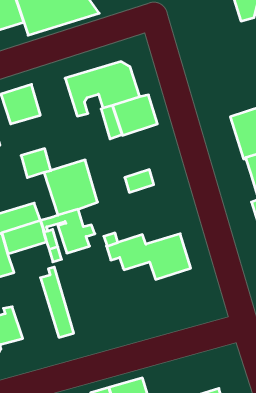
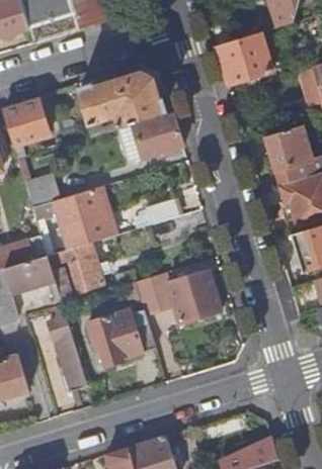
building: none -> [217,32,273,85]
building: none -> [87,309,154,366]

